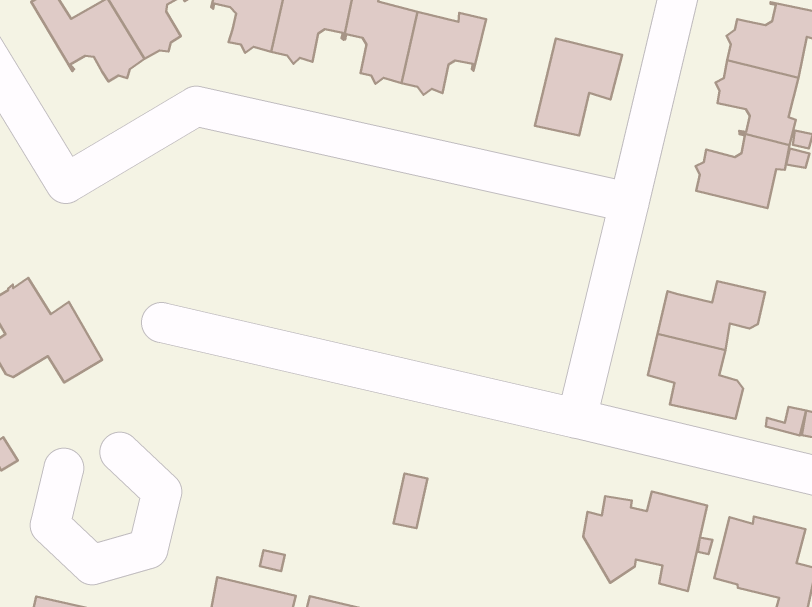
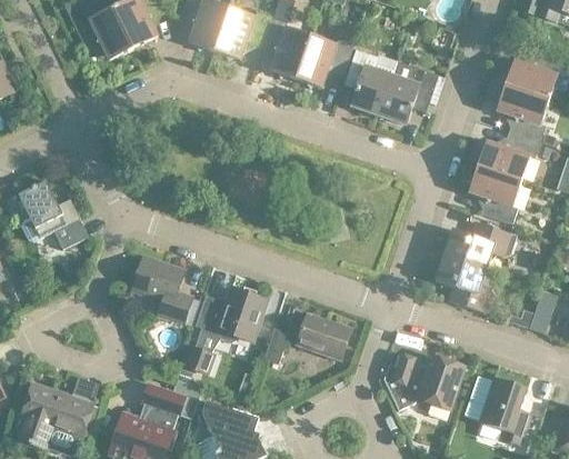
building: none -> [347,49,397,114]
building: none -> [468,166,521,223]
building: none -> [129,257,192,323]
building: none -> [188,287,272,372]
building: none -> [296,312,351,359]

